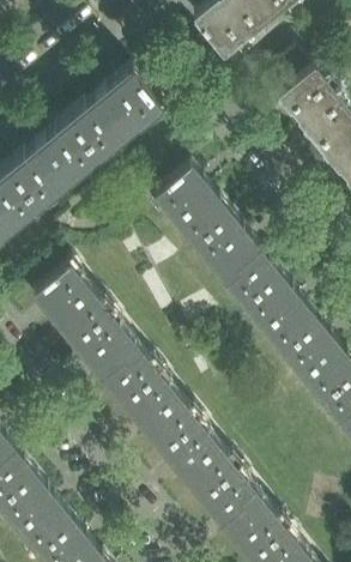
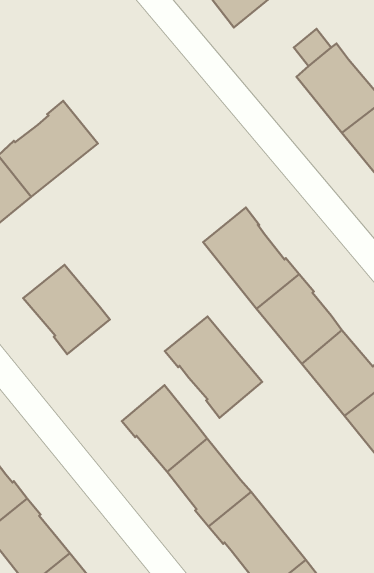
building: [71,73,165,159] -> none
building: [156,169,235,248] -> none
building: [74,318,162,409] -> [165,317,262,418]

